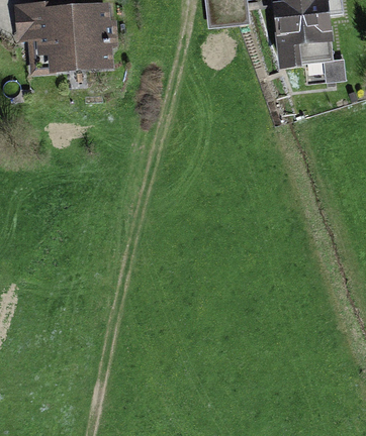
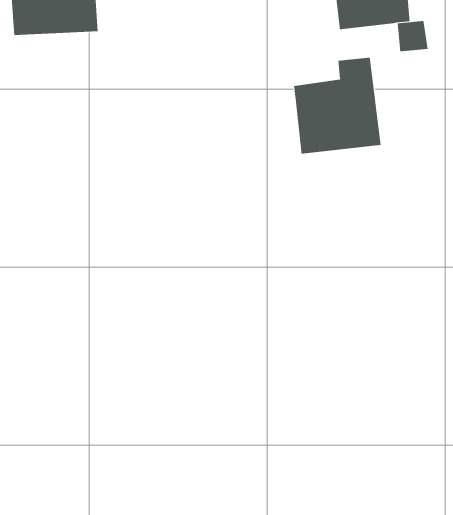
building: none -> [293,57,381,155]

